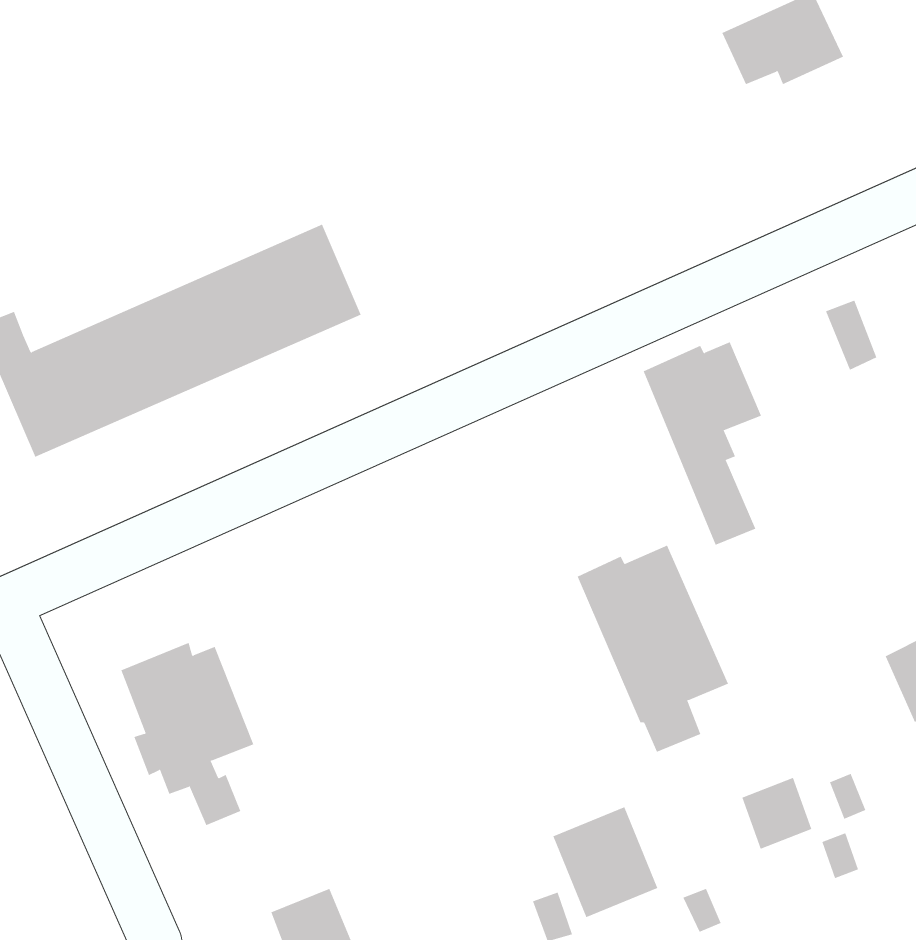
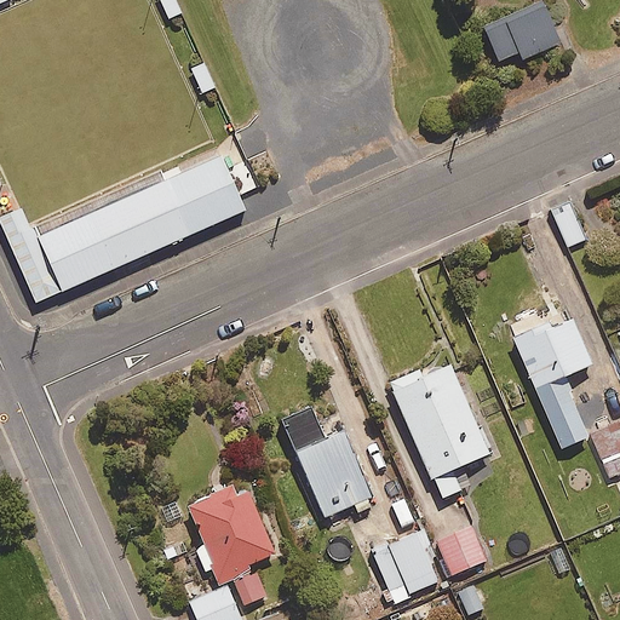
building: [643,342,762,546] -> [512,314,590,447]
building: none -> [281,406,374,516]
building: [121,642,254,826] -> [186,484,274,604]
building: [742,777,812,850] -> [438,526,484,573]

